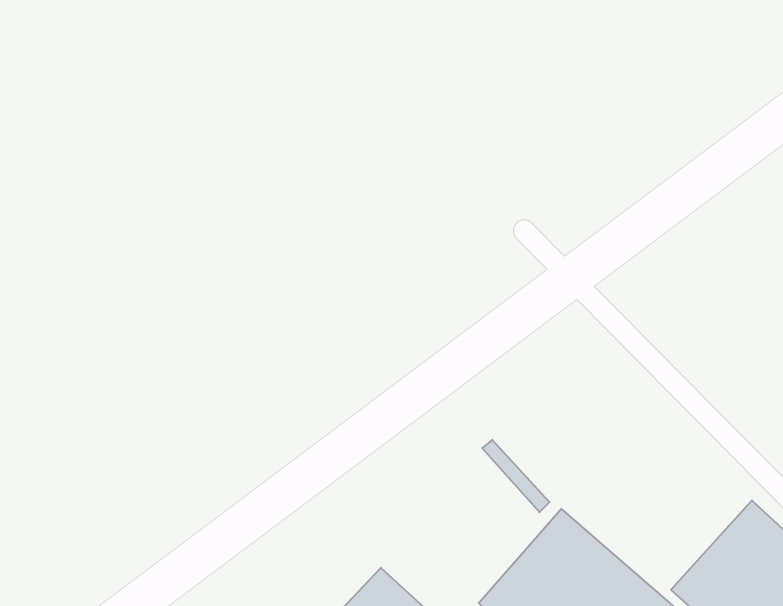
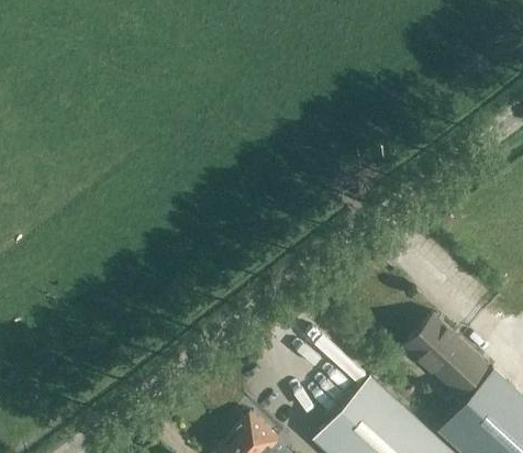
building: none -> [403,317,491,398]

